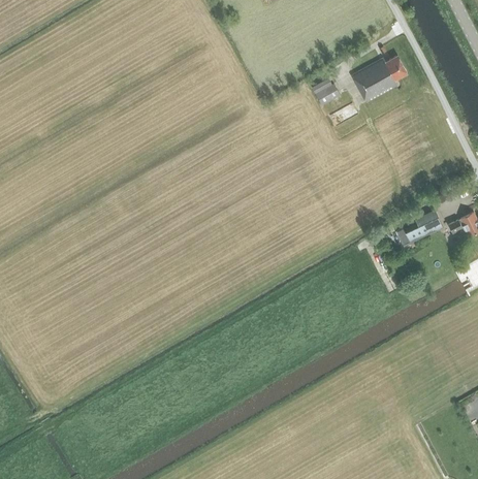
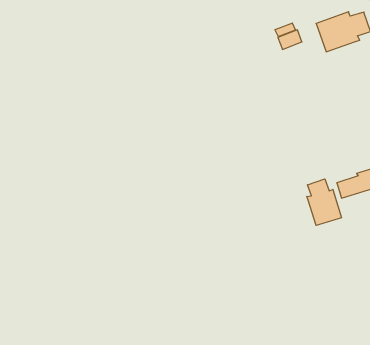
building: none -> [307,179,342,225]

